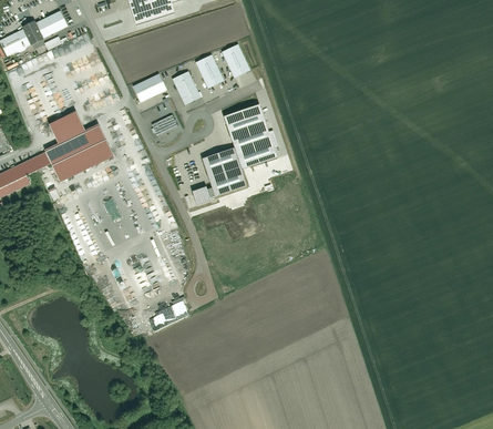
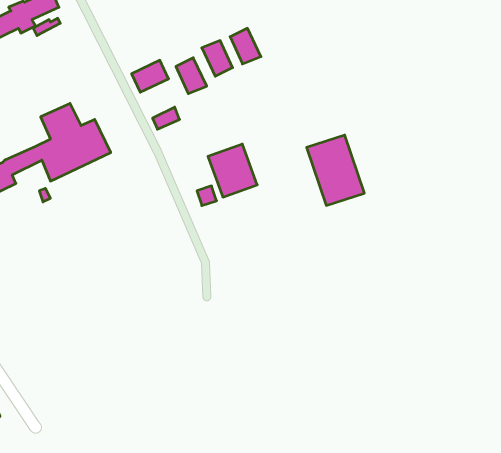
building: [224,105,276,168] -> [307,135,364,205]

